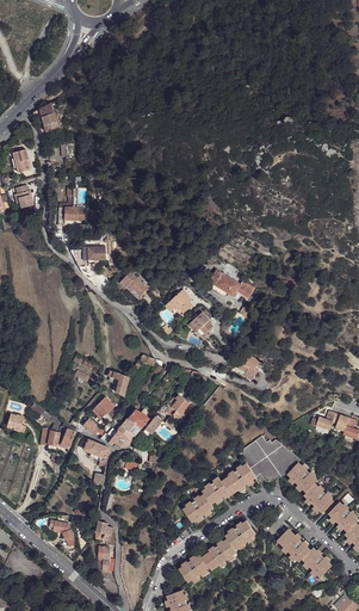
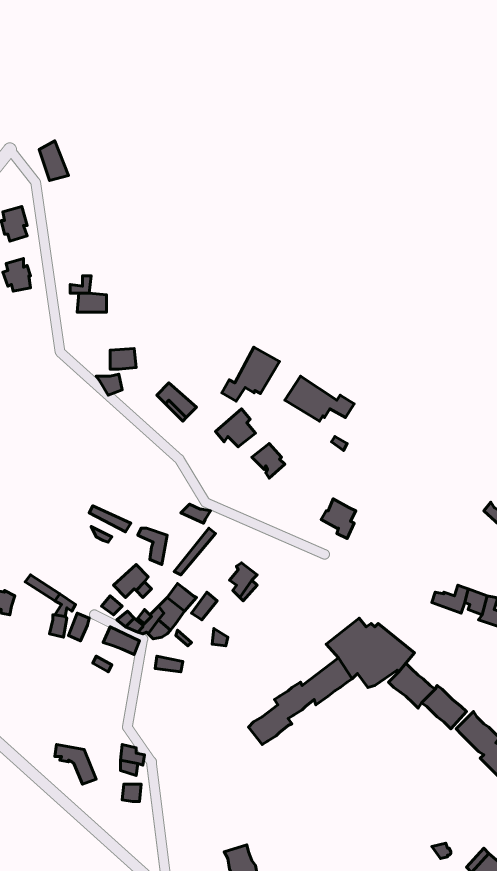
building: none -> [222,347,280,401]
building: [178,519,253,581] -> none
building: [276,525,330,573] -> none

